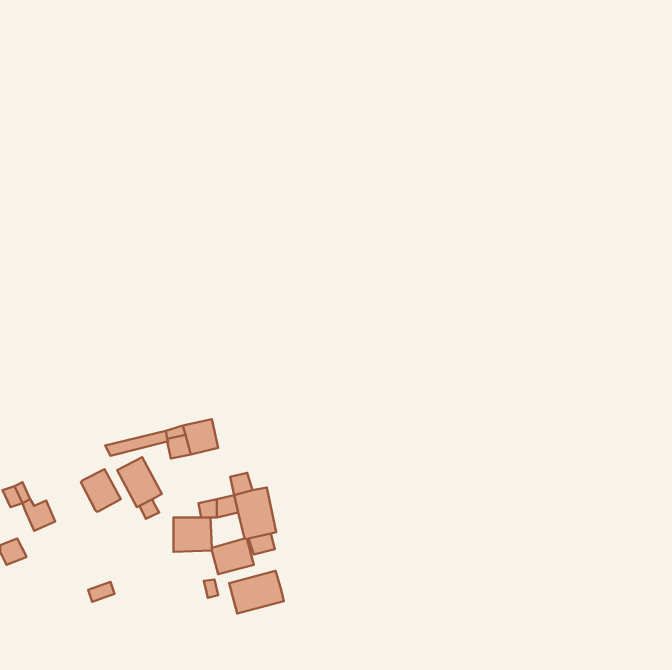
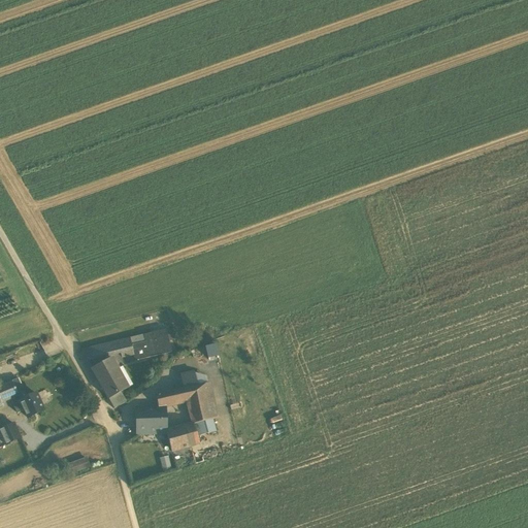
building: [81,469,121,511] -> none
building: [229,571,284,613] -> none

